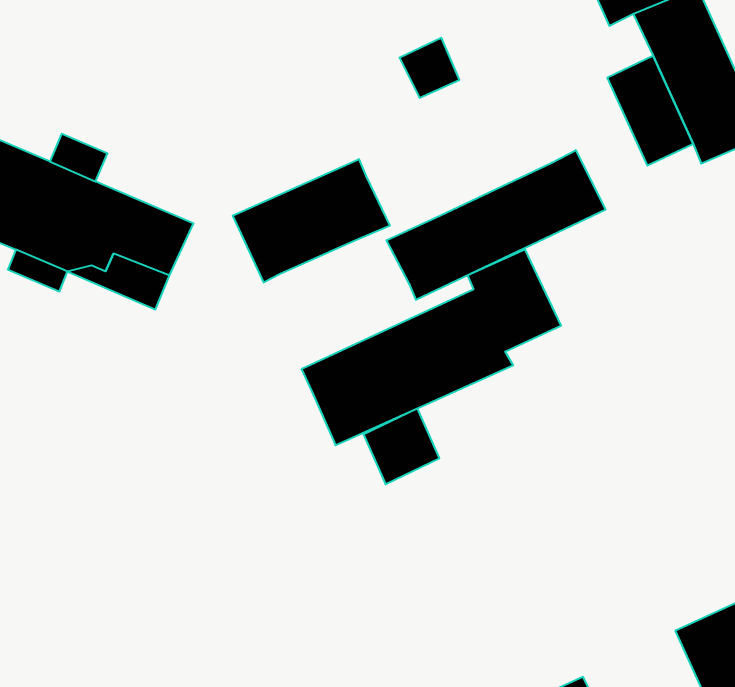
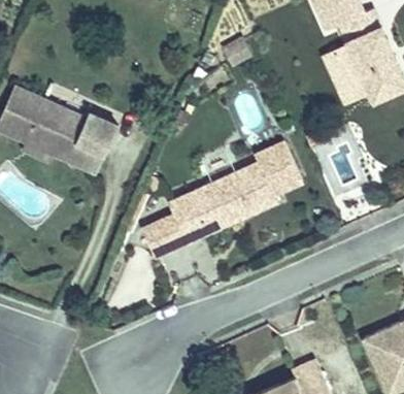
building: [386,150,605,300] -> none
building: [233,159,390,283] -> none
building: [363,408,439,484] -> [147,217,187,256]

